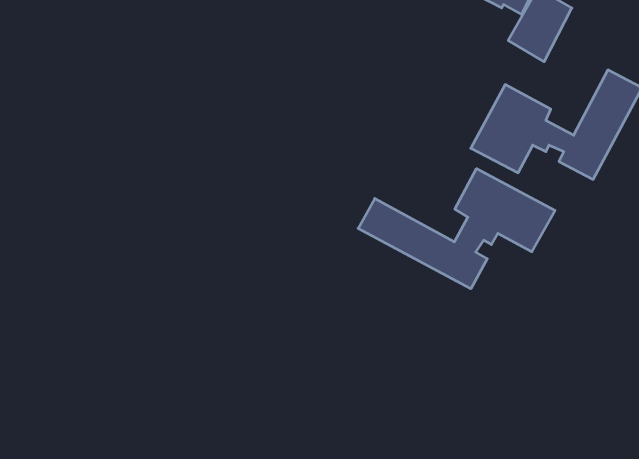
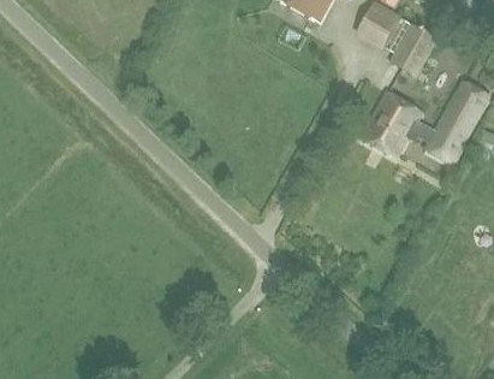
building: [358,169,555,289] -> none

